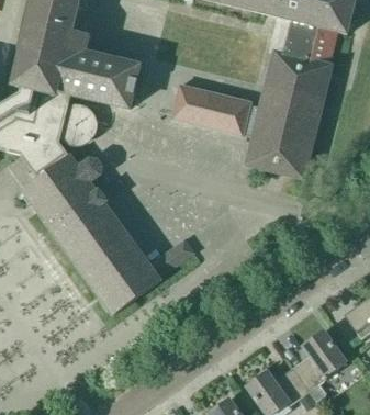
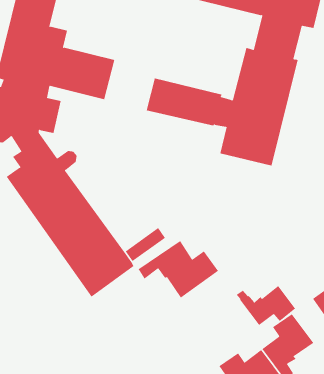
building: none -> [138,240,219,298]
building: none -> [236,285,296,326]

